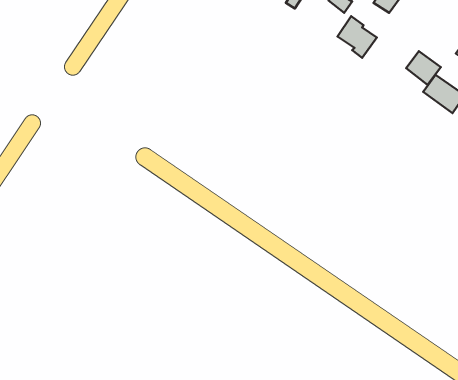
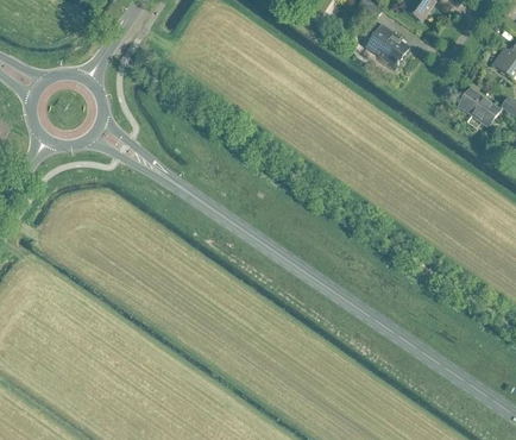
building: [406,51,441,85] -> none

